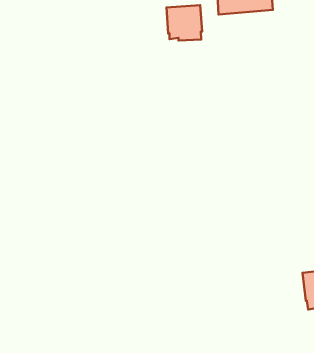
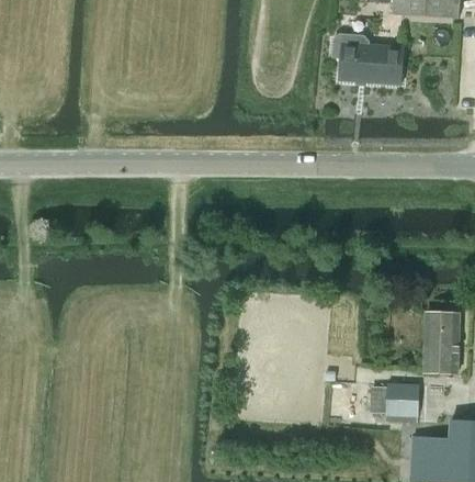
building: [166,5,202,41] -> none

